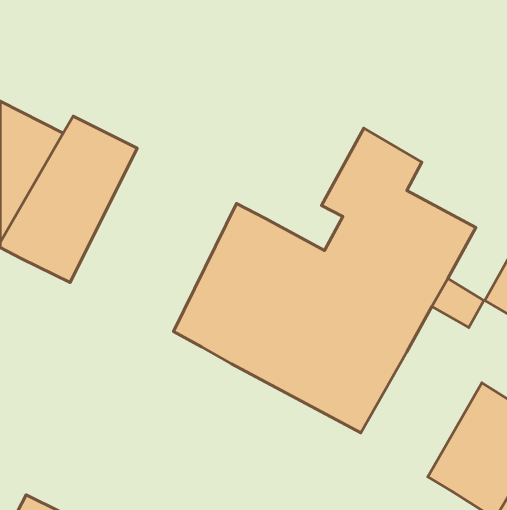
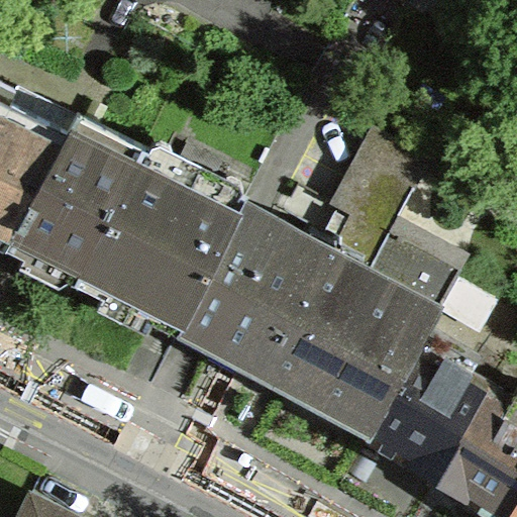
building: none -> [76,151,245,338]
building: none -> [368,356,491,483]

